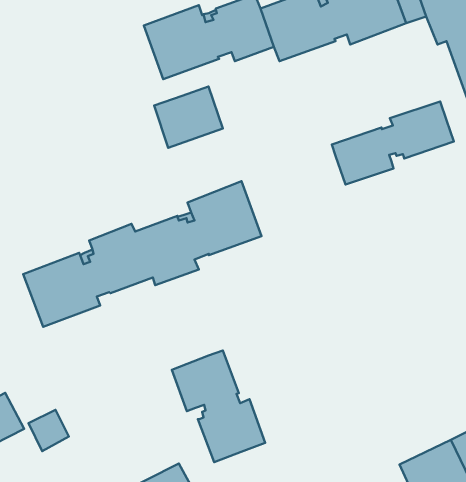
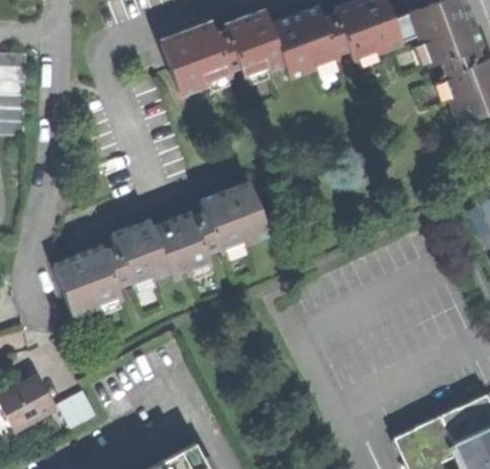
building: [154,86,223,148] -> none
building: [332,102,454,184] -> none
building: [172,350,265,462] -> none

